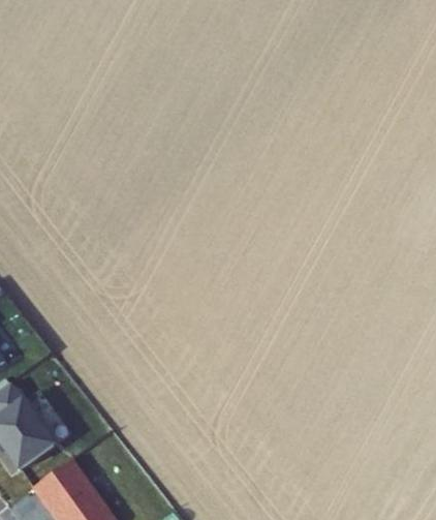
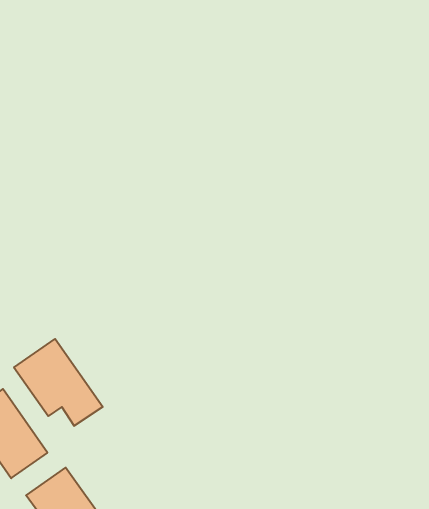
building: none -> [14,339,103,426]

